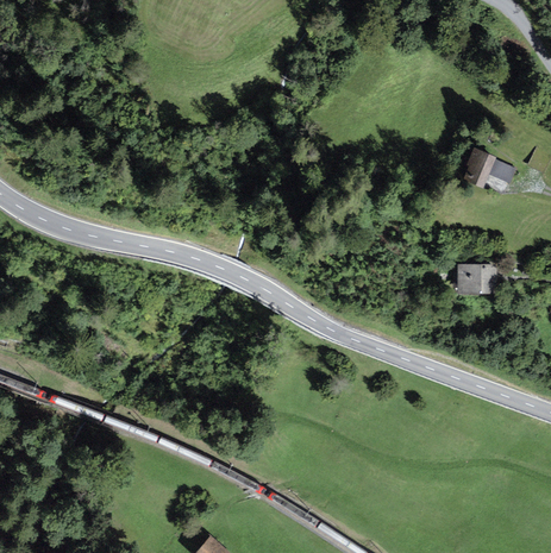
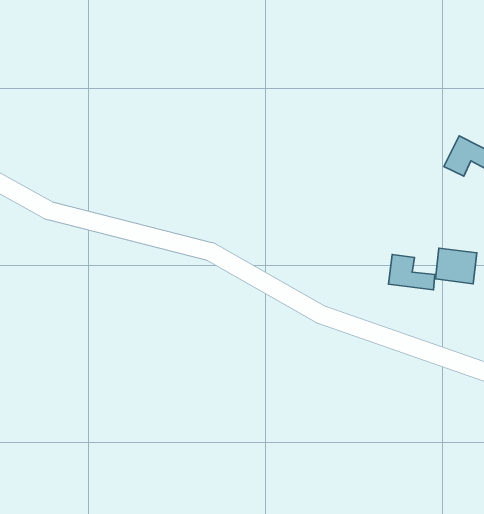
building: none -> [388,254,435,290]

